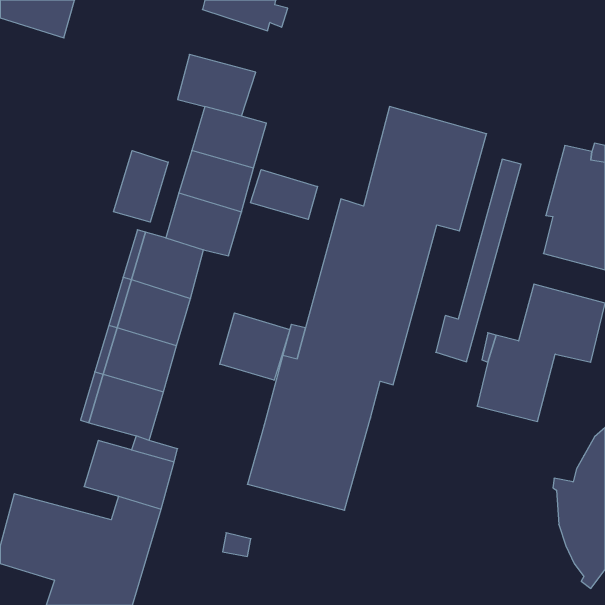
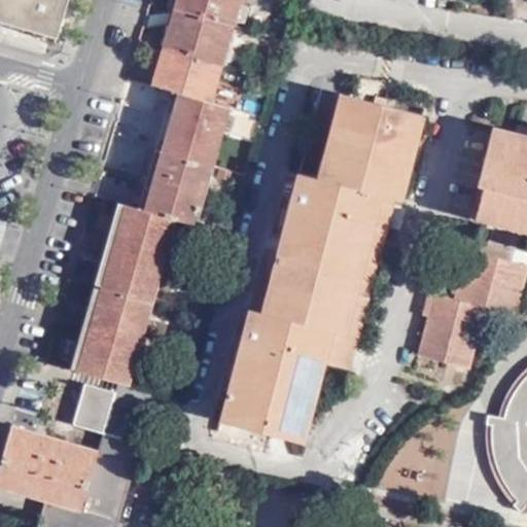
building: none -> [165,8,233,63]
building: [114,151,168,222] -> none
building: [436,159,521,362] -> [322,196,396,372]
building: [250,170,318,219] -> none
building: [220,313,290,380] -> none

